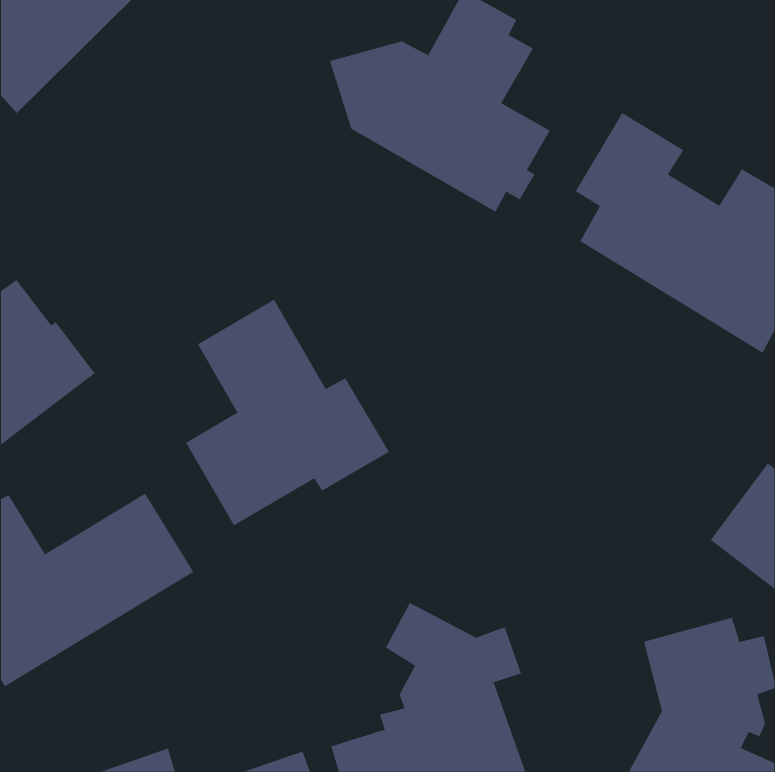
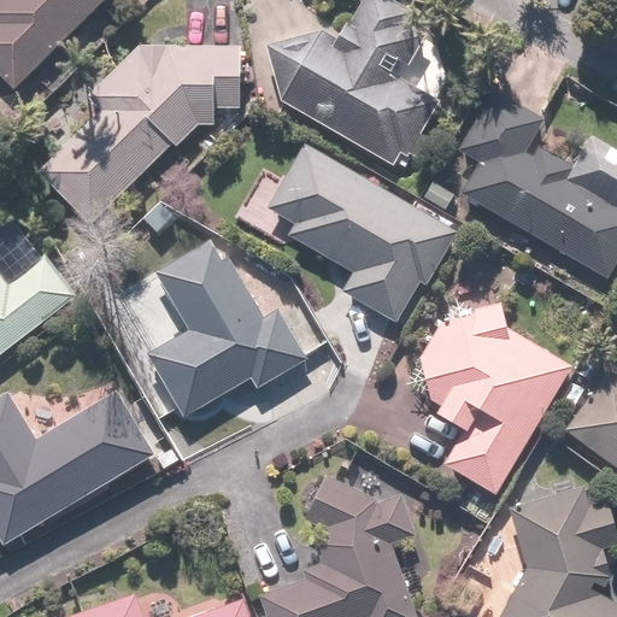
building: none -> [20,47,242,227]
building: none -> [243,143,463,322]
building: none -> [419,304,572,496]

